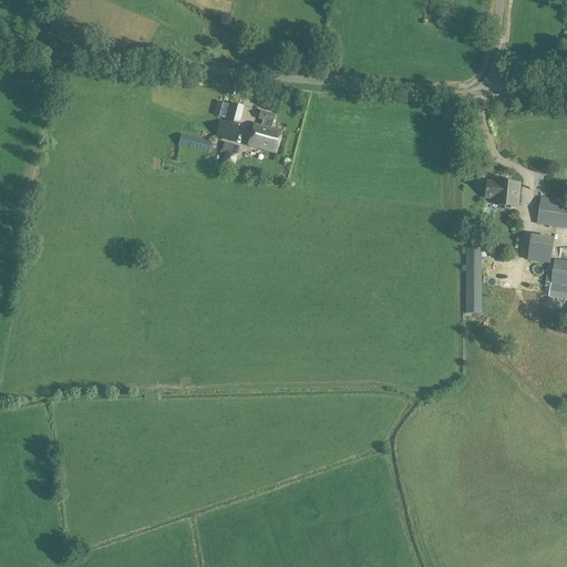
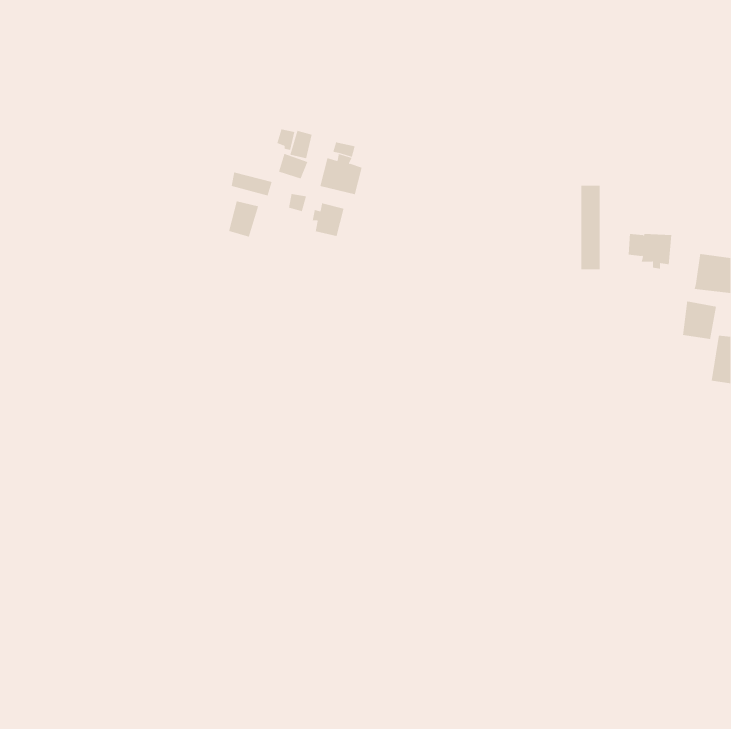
building: none -> [228,200,259,237]
building: none -> [312,203,344,237]
building: [465,247,481,312] -> [581,185,601,270]

